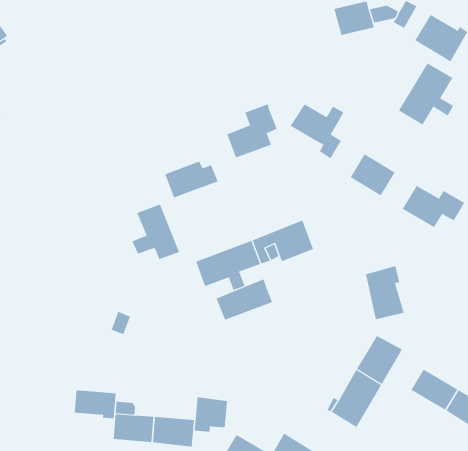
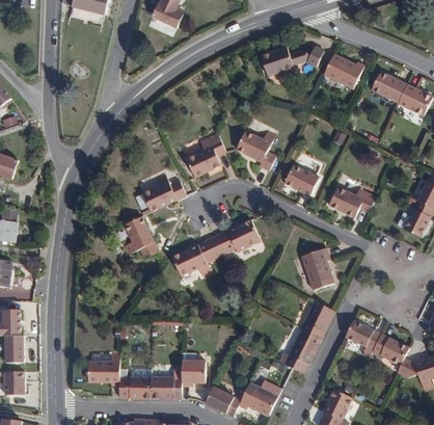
building: [398,63,454,126] -> none
building: [216,279,273,321] -> none

